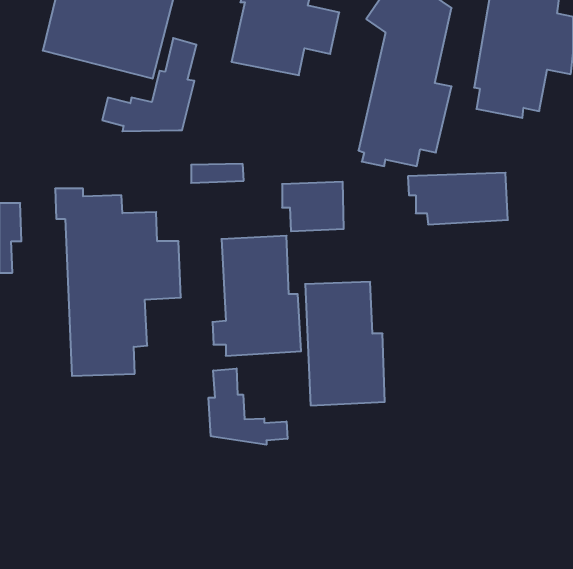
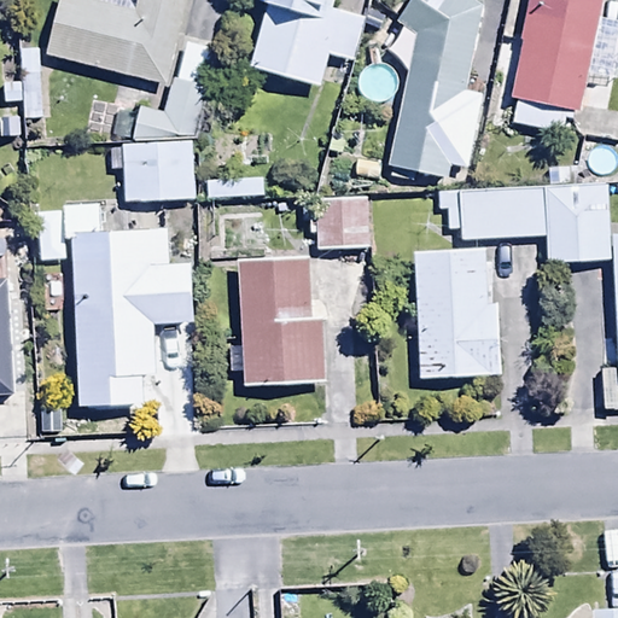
building: none -> [121,140,193,203]
building: none -> [543,182,610,262]
building: [305,282,385,405] -> [414,245,500,378]
building: [209,368,287,445] -> none

